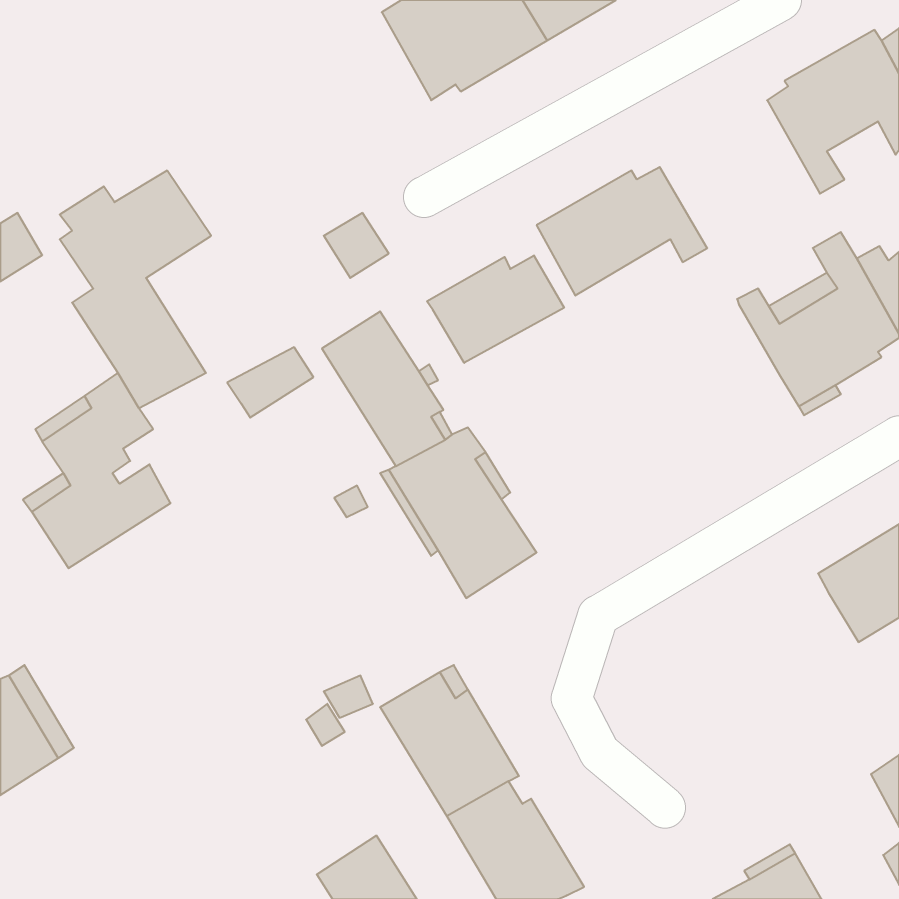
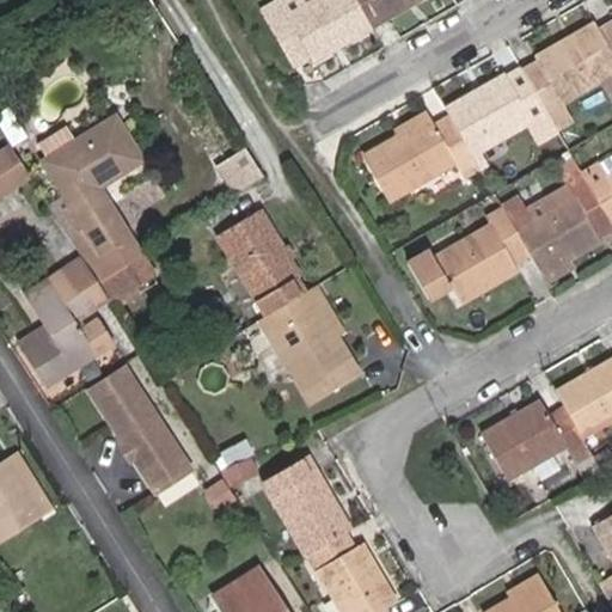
building: none -> [443,66,557,177]
building: [427,255,564,363] -> none
building: none -> [405,207,530,302]
building: [227,347,313,418] -> [94,253,153,301]
building: none -> [87,363,190,490]
building: none -> [482,399,600,479]

